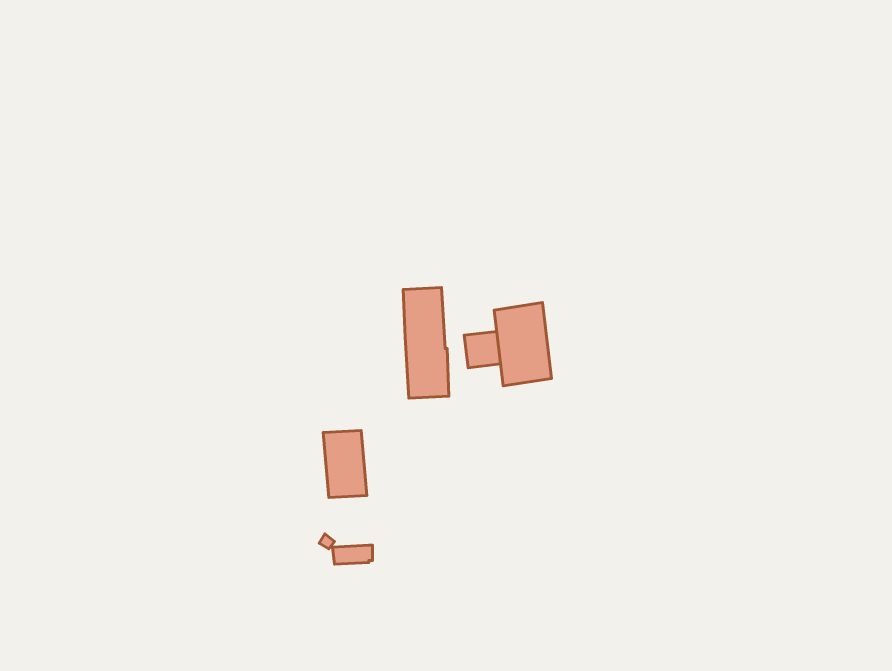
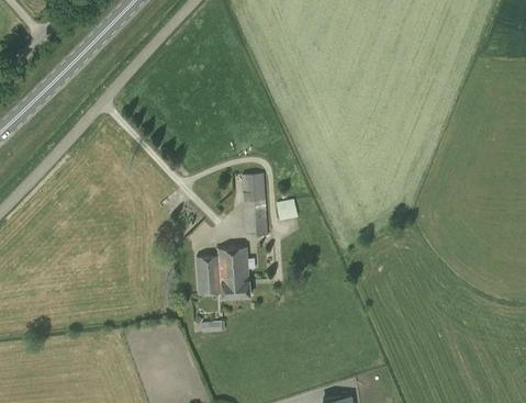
building: [494,303,552,386] -> none
building: none -> [219,247,250,298]

